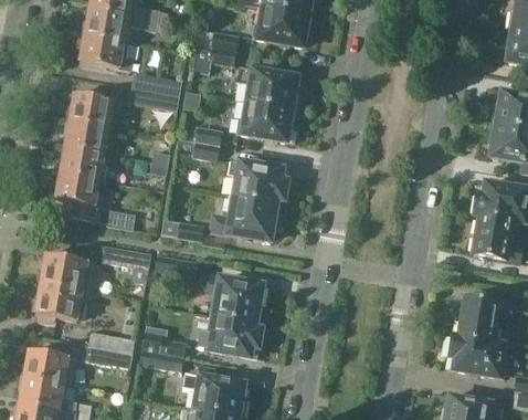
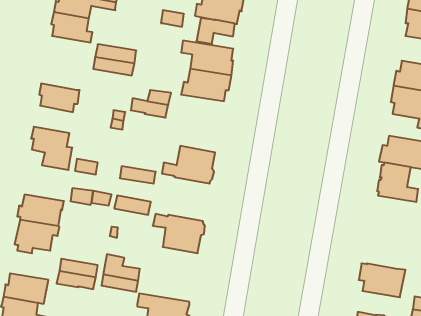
building: [190,44,236,75] -> [196,18,235,44]
building: [66,93,120,127] -> none
building: [57,146,106,180] -> none
building: [228,160,286,202] -> none
building: [457,296,513,343] -> none
building: [199,316,262,358] -> none

